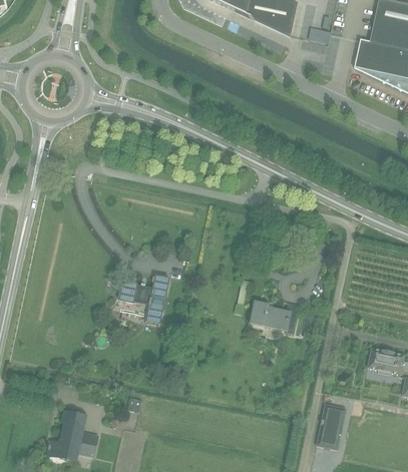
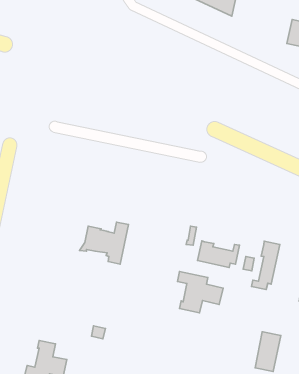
building: none -> [251,241,280,290]
building: none -> [178,271,223,313]

